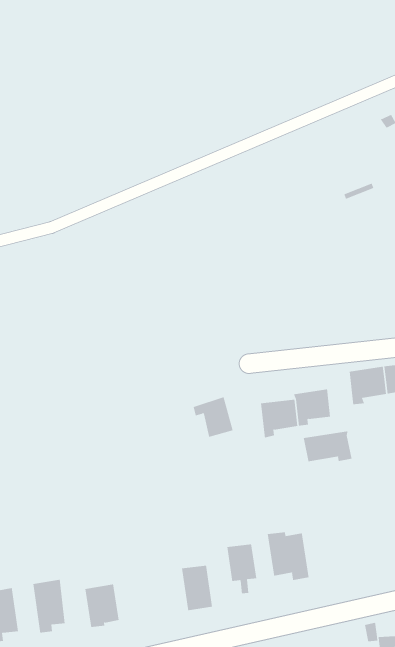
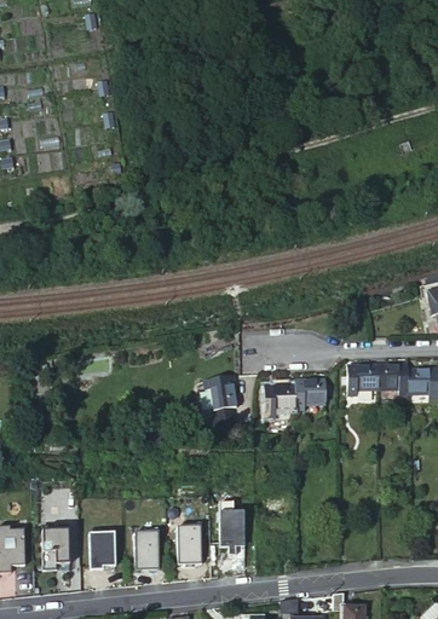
building: [303,431,352,462] -> none
building: [267,531,309,581] -> none
building: none -> [136,528,159,567]

